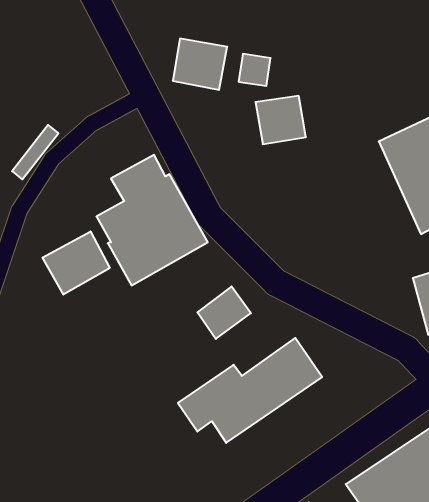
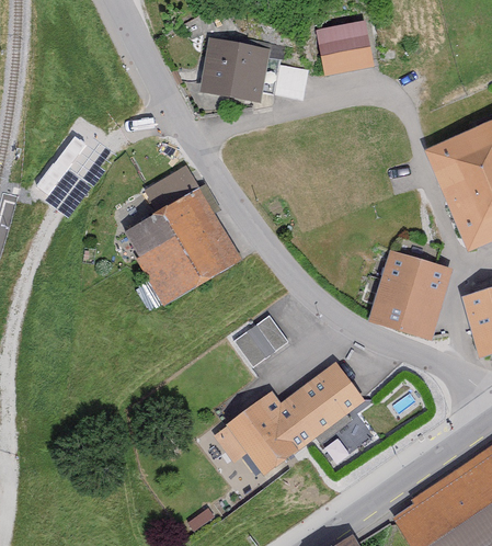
building: [255,96,306,144] -> [319,24,373,76]
building: none -> [368,238,454,341]
building: [43,231,110,295] -> none

